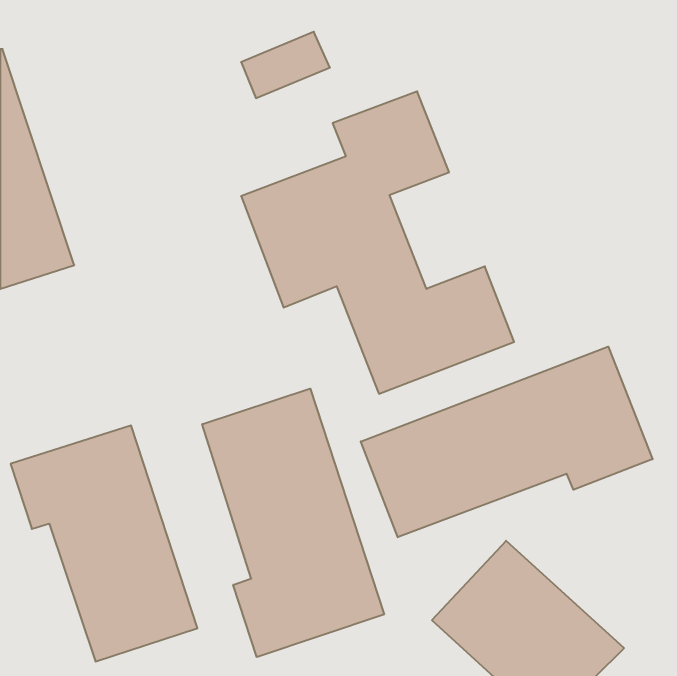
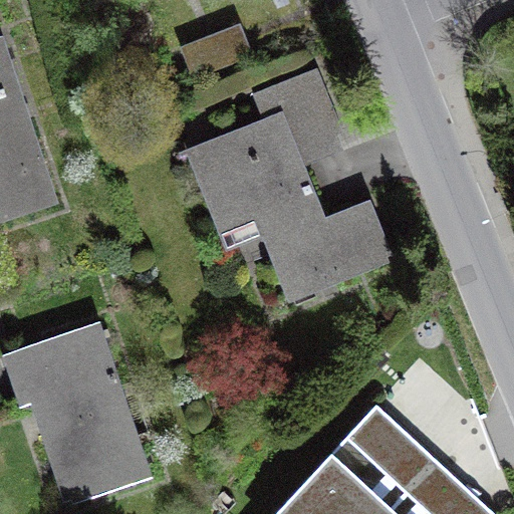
building: [361,347,653,537] -> none
building: [202,389,384,657] -> none

